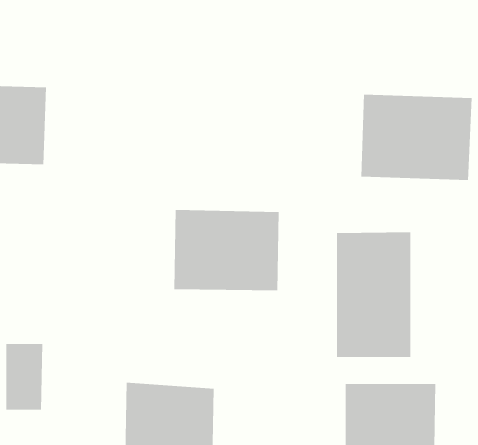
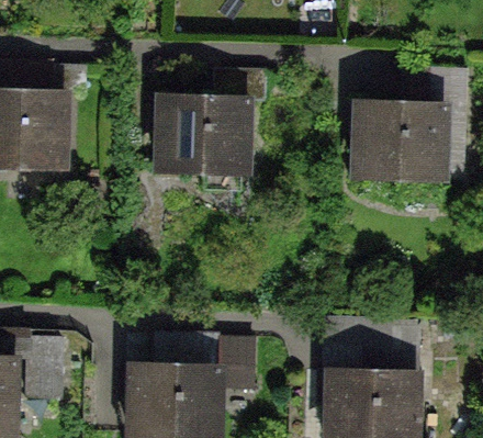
building: [174,209,279,291] -> [153,99,248,172]
building: [337,232,411,358] -> none

